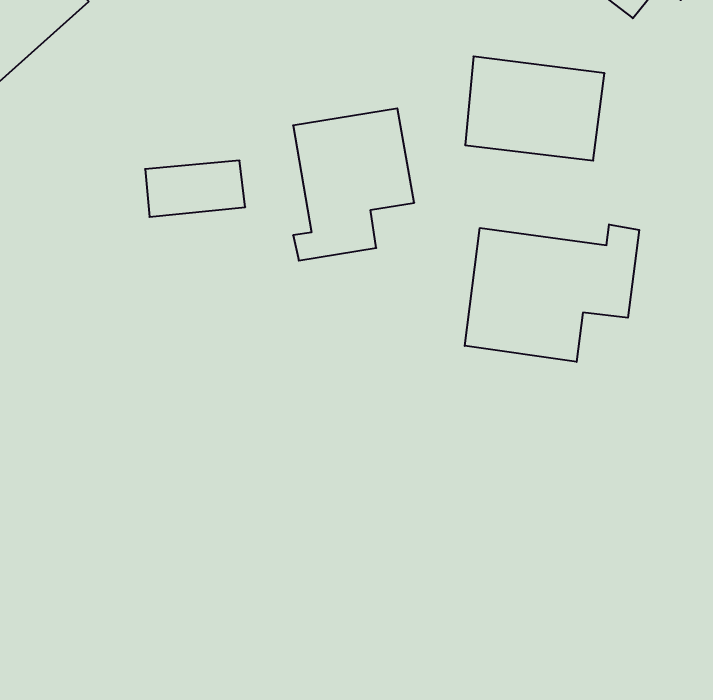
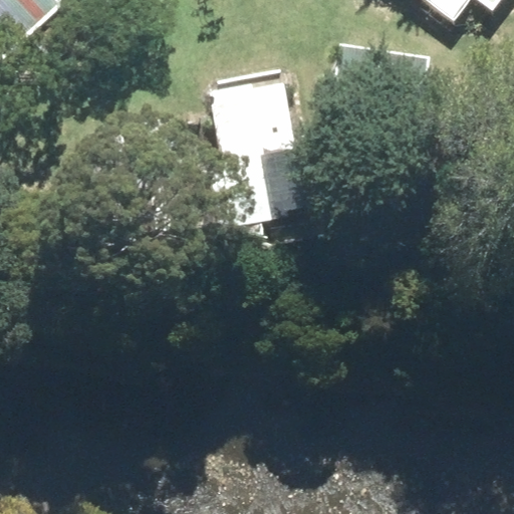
building: [465,224,639,362] -> none

